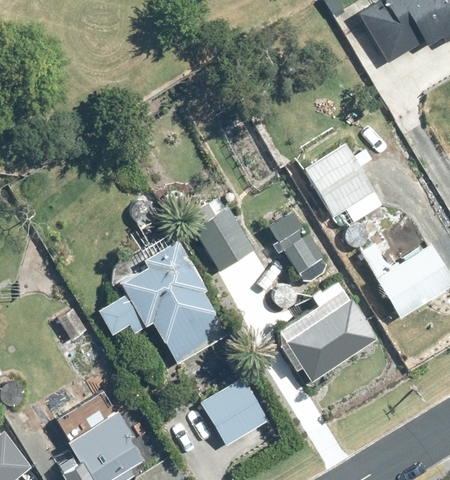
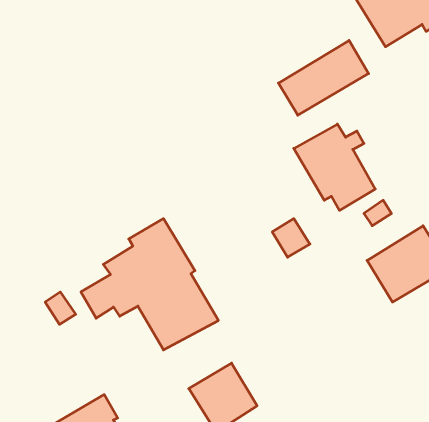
building: none -> [278,40,369,115]
building: [194,206,257,271] -> none
building: [279,286,377,380] -> none

